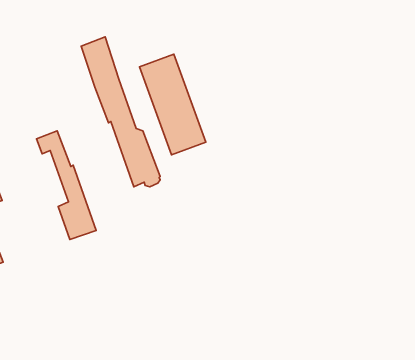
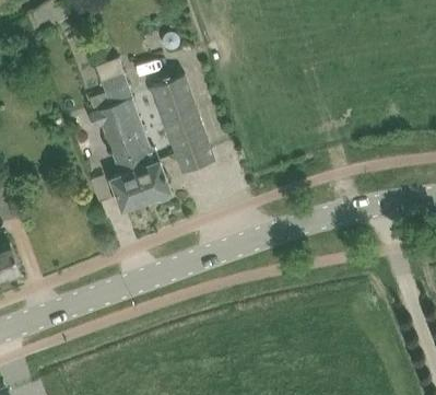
building: [36,131,96,240] -> [89,108,145,212]

